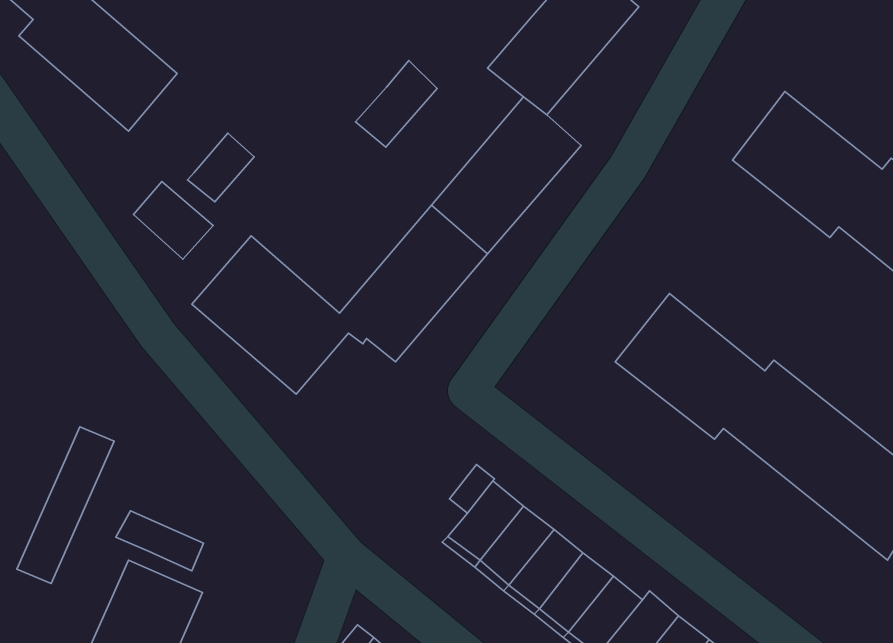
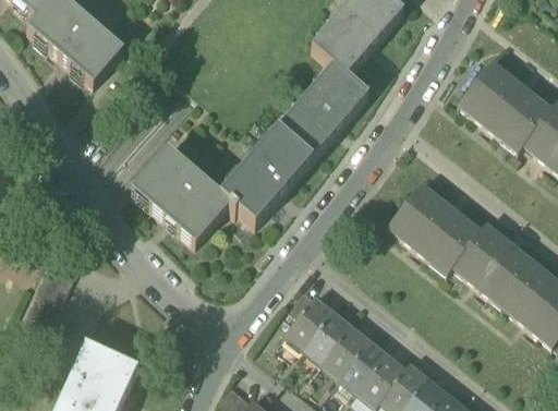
building: [356,61,437,147] -> none
building: [187,133,254,202] -> none
building: [133,181,213,259] -> none
building: [116,511,203,571] -> none

